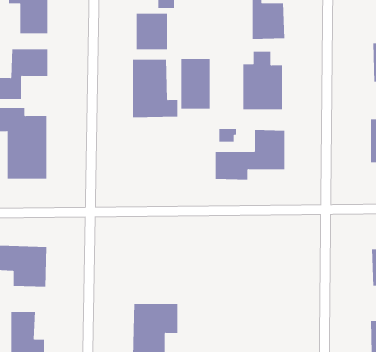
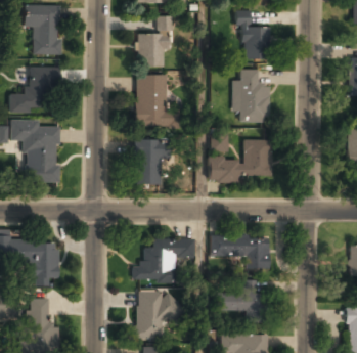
building: [181,58,210,109] -> [136,139,163,184]
building: none -> [213,236,270,269]
building: none -> [134,239,195,282]
building: none -> [218,282,260,312]

